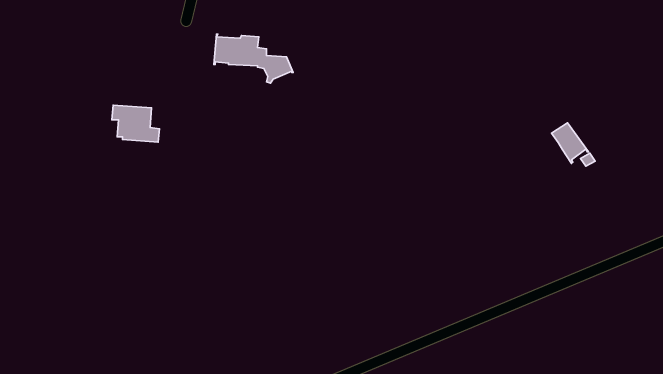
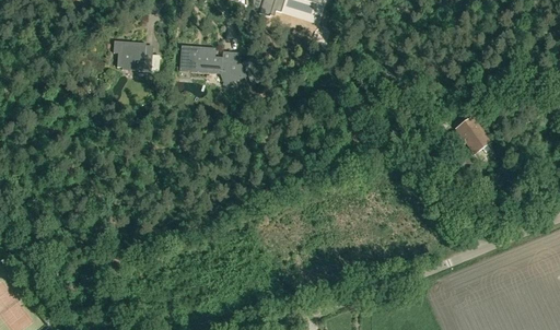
building: [112,105,159,142] -> [114,40,153,71]

